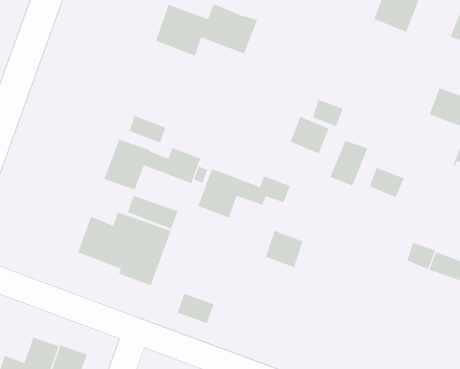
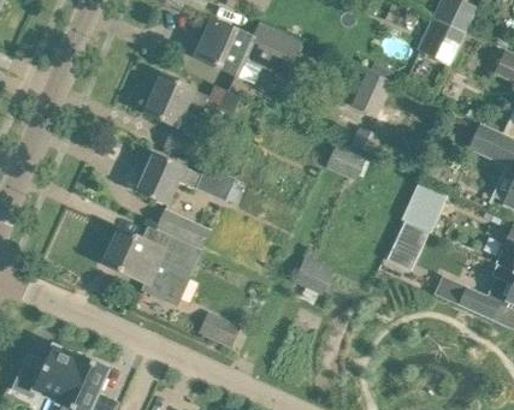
building: none -> [351,70,389,113]
building: [329,140,368,186] -> [386,221,427,268]
building: [197,168,290,218] -> [144,73,240,125]

